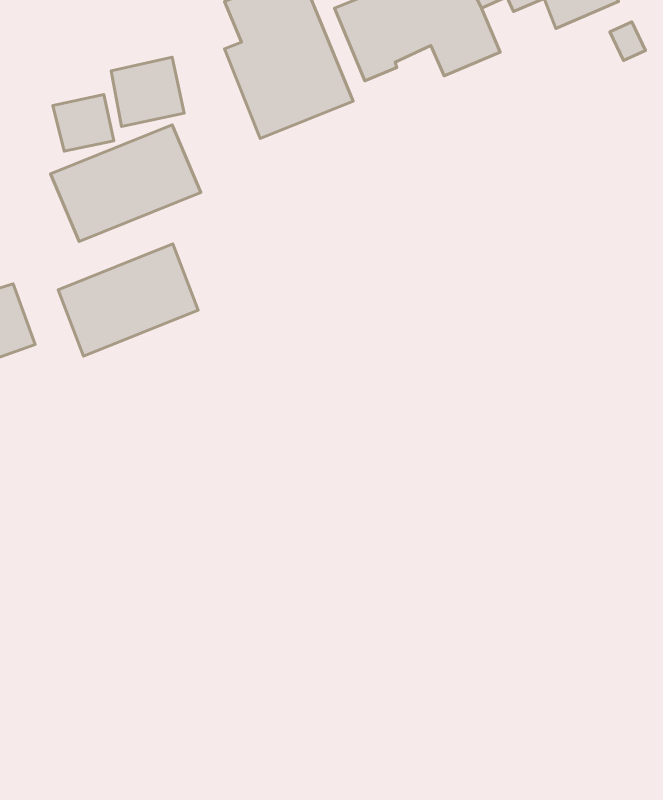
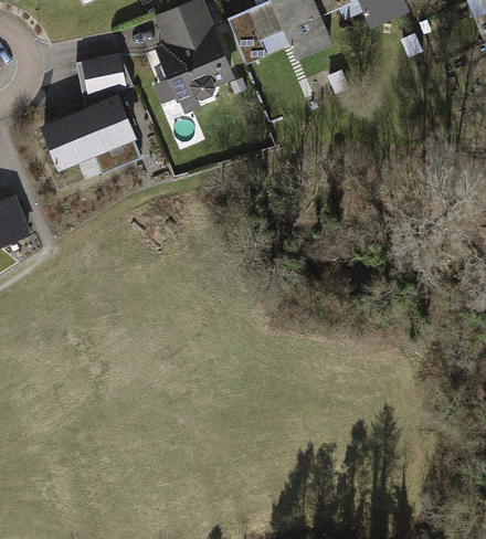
building: [53,95,114,151] -> none
building: [58,244,198,356] -> none

